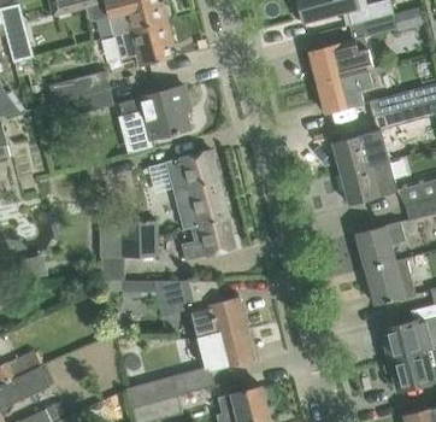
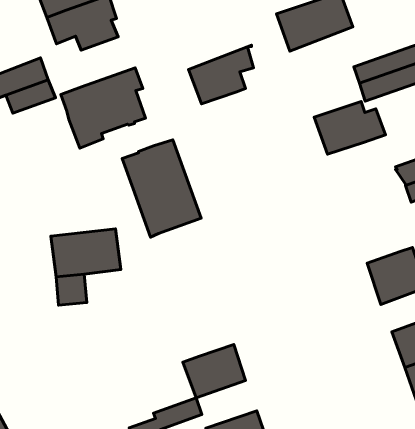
building: [317,68,372,113] -> [188,45,254,104]
building: [341,162,399,205] -> none
building: [181,218,236,262] -> none
building: [357,222,401,269] -> none
building: [154,281,247,340] -> none

